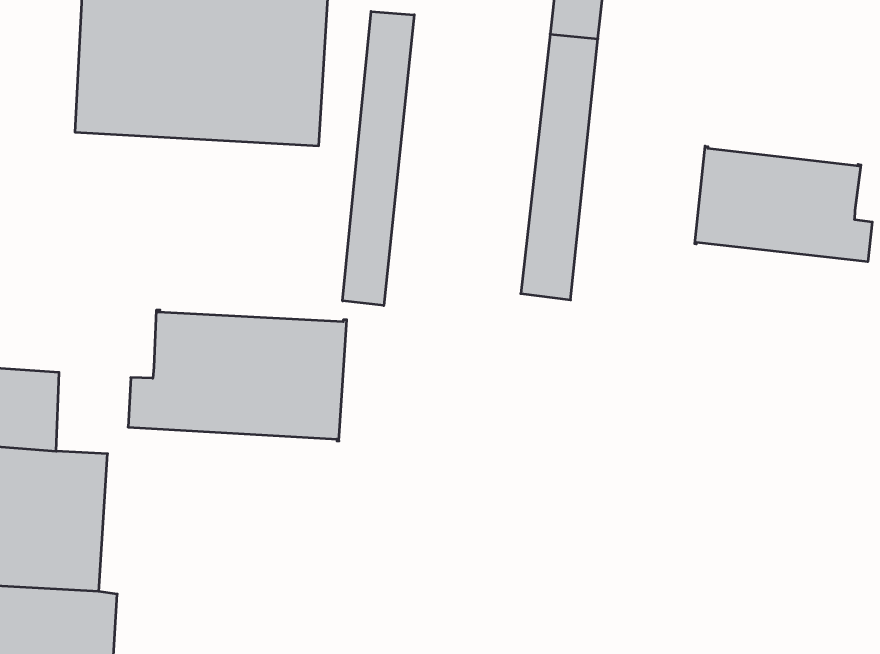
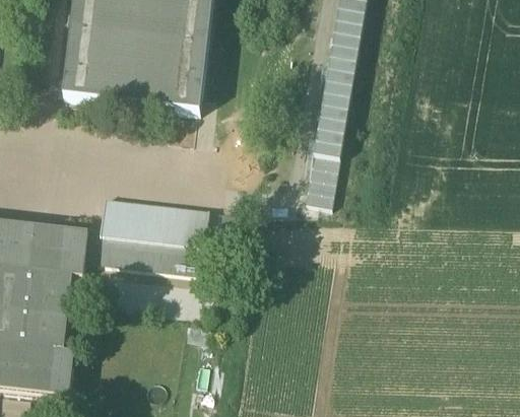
building: [343,11,414,306] -> none
building: [695,146,872,262] -> none
building: none -> [43,226,86,275]

